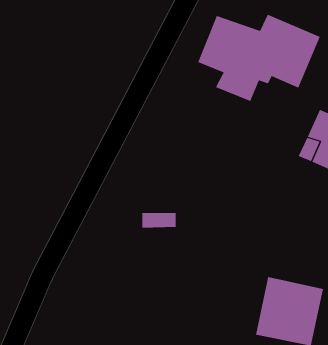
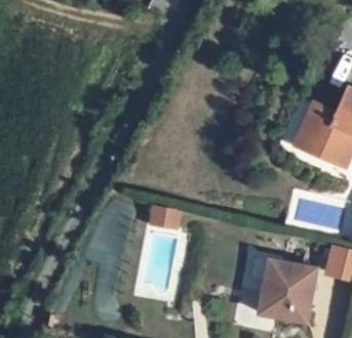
building: [197,14,321,102] -> none

